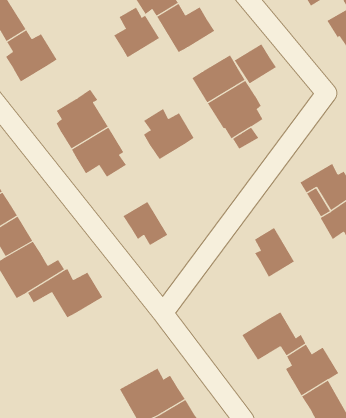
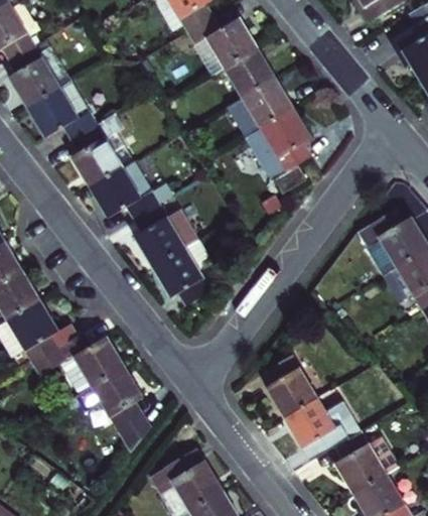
building: [114,7,160,58] -> none
building: [234,44,277,84] -> [226,49,277,98]
building: none -> [26,84,94,145]
building: [143,108,195,160] -> [129,210,190,271]
building: [254,227,295,278] -> [273,353,321,413]
building: none -> [80,368,151,452]

